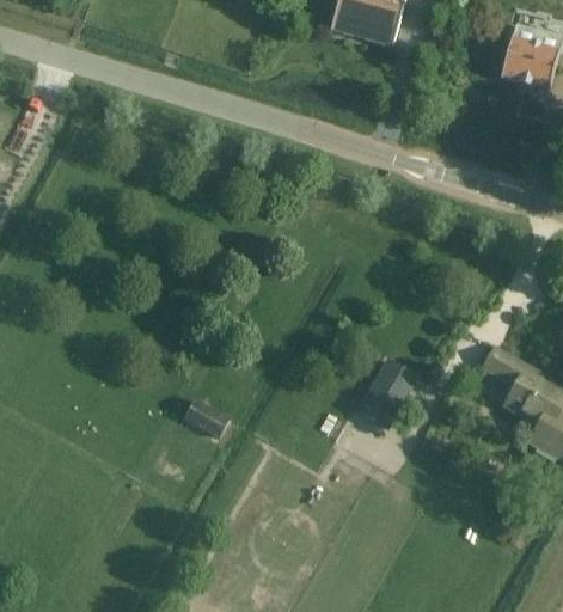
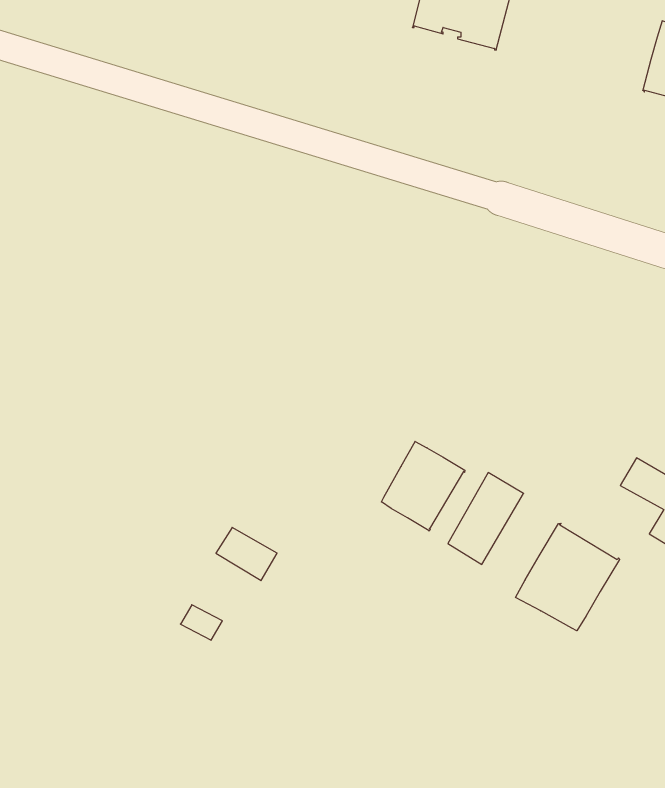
building: none -> [381,441,465,531]
building: none -> [516,523,620,631]

